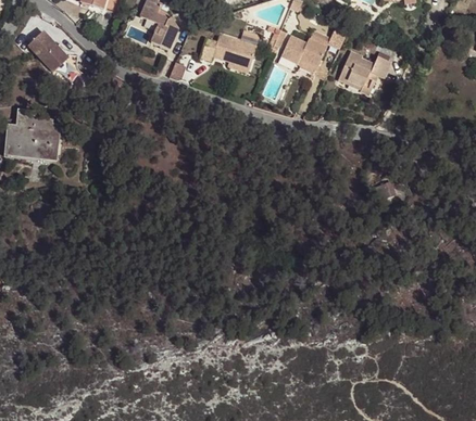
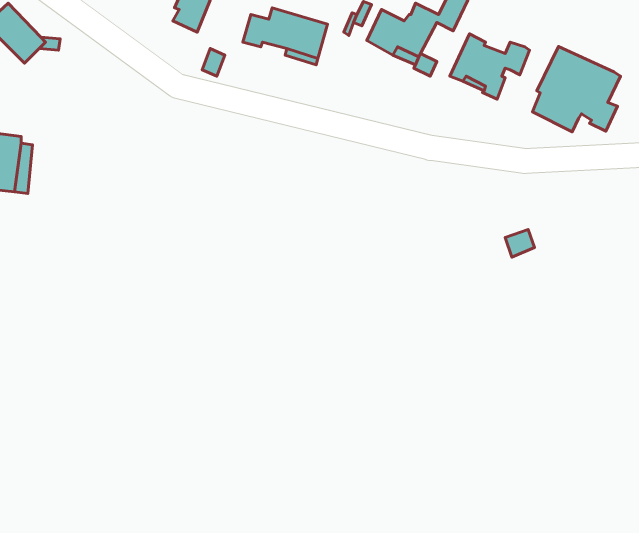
building: none -> [533,46,621,132]

